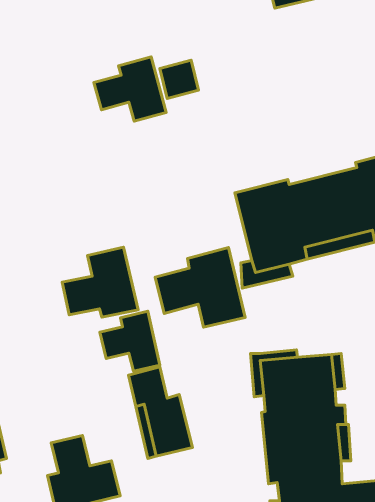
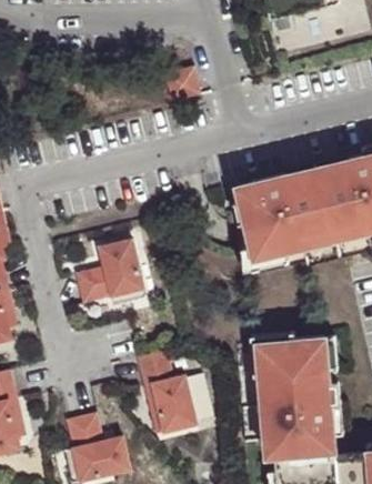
building: [94,57,166,121] -> none
building: [155,247,245,327] -> none
building: [100,311,160,371] -> none

